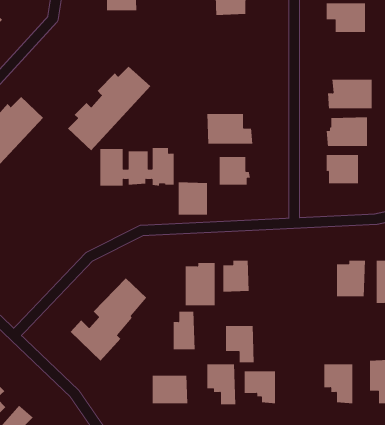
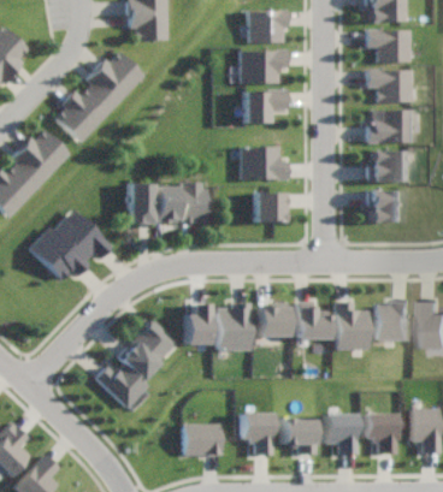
building: none -> [238,51,287,83]
building: none -> [367,70,409,101]
building: none -> [243,89,287,123]
building: [67,66,151,151] -> [53,52,142,142]
building: none -> [28,209,111,279]
building: [178,181,208,215] -> none
building: none -> [296,301,327,338]
building: none -> [336,303,367,348]
building: [173,311,195,350] -> [184,304,208,345]
building: [225,325,255,363] -> [324,414,355,454]

